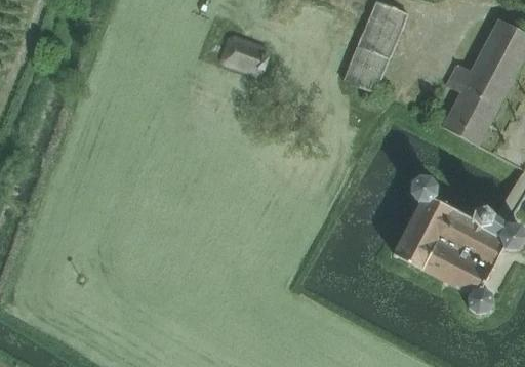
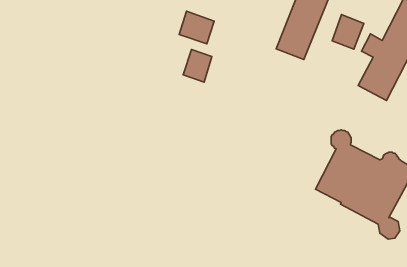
building: none -> [332,15,364,49]
building: none -> [183,50,212,82]

